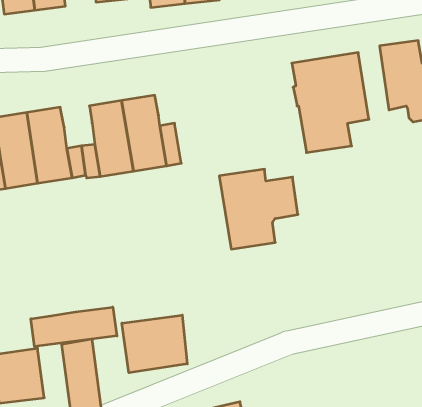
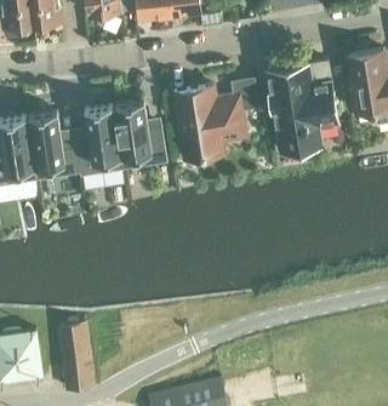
building: [219,169,298,249] -> [172,87,244,160]
building: [31,307,117,347] -> none
building: [122,315,187,373] -> none

